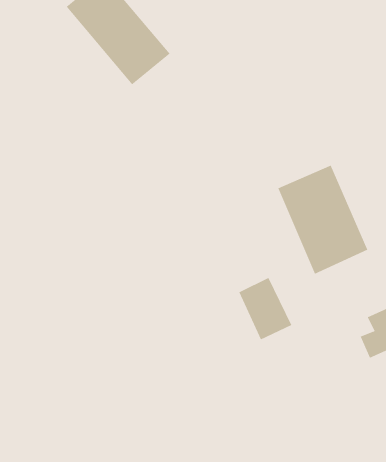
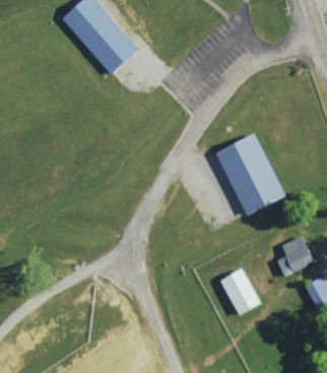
building: [238,277,292,340] -> [220,268,260,315]

